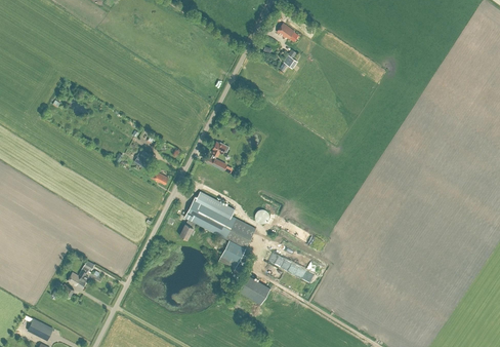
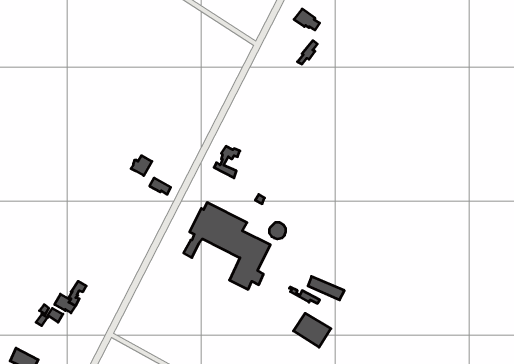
building: [238,275,270,305] -> [293,313,331,347]

